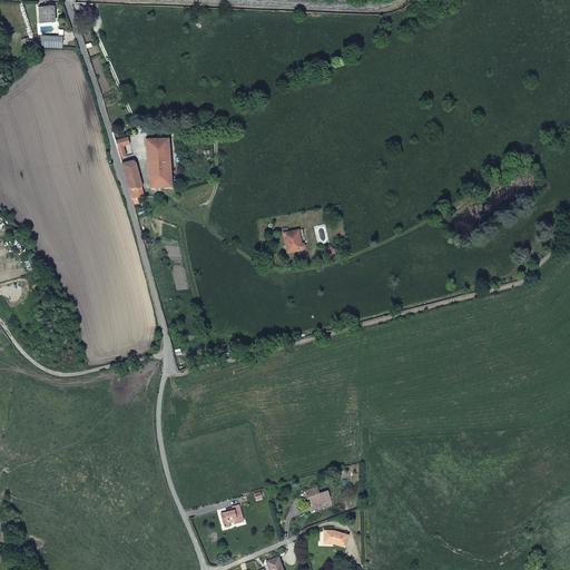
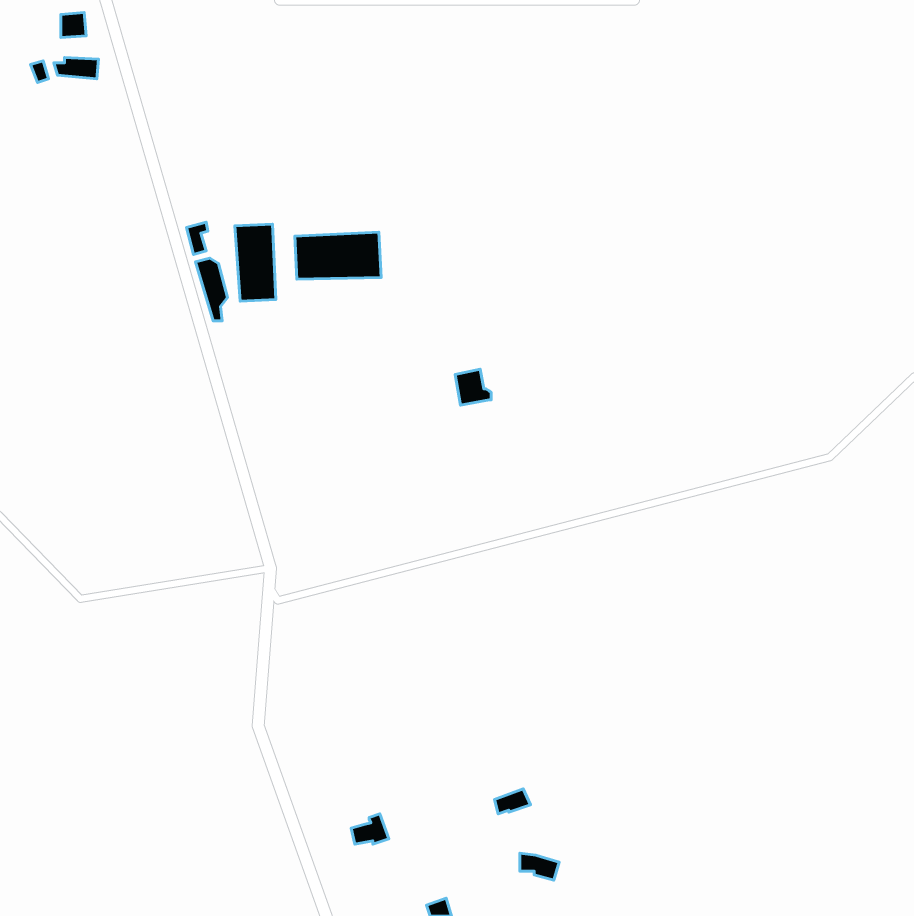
building: none -> [295,232,381,279]

